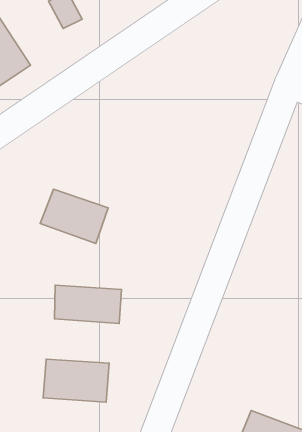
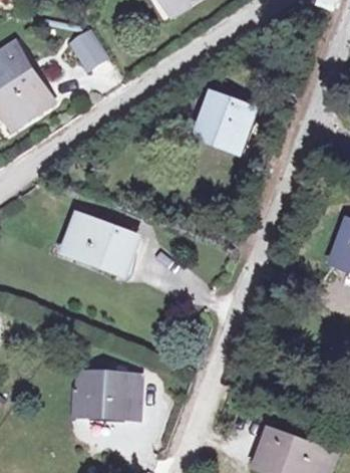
building: none -> [199,98,248,148]
building: [54,285,121,324] -> none

